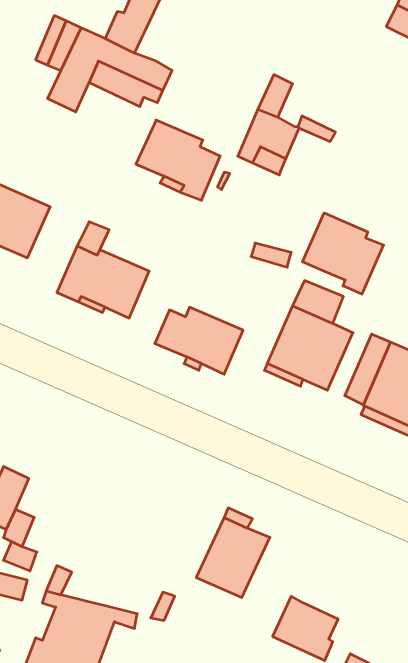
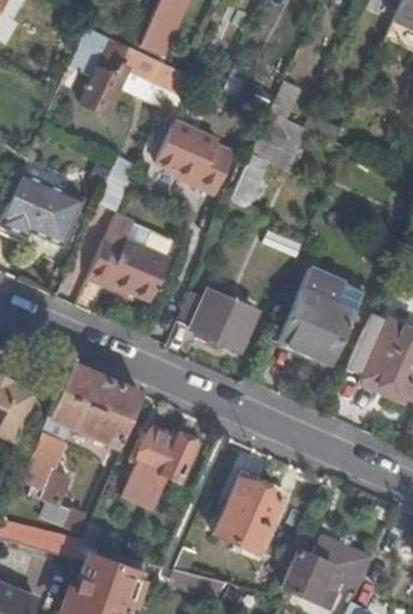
building: [303,213,384,294] -> none
building: none -> [48,362,141,448]
building: none -> [122,429,195,507]
building: none -> [311,532,373,590]

